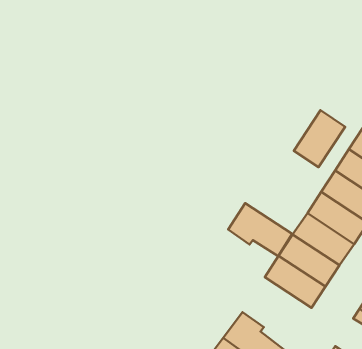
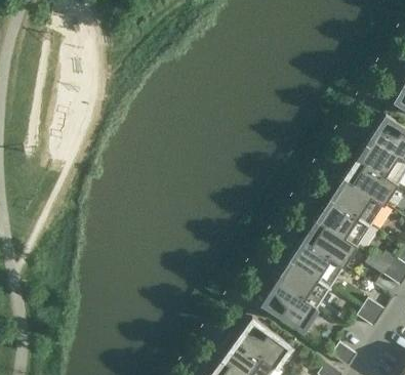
building: [294,110,345,167] -> none
building: [228,203,292,256] -> [258,279,320,330]

